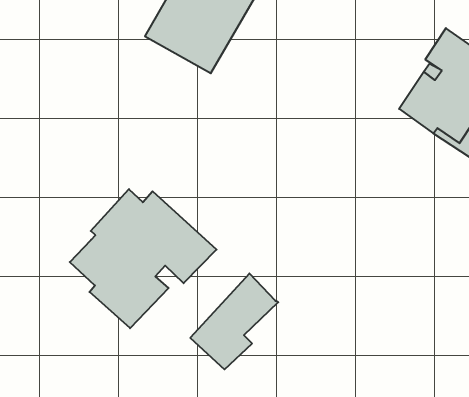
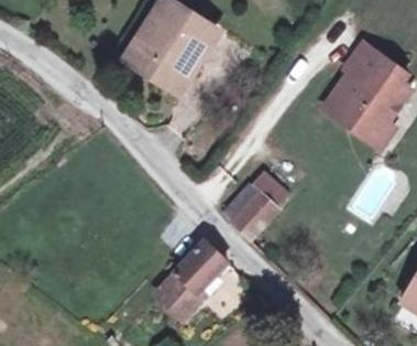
building: none -> [223,172,289,242]
building: [70,189,217,328] -> none

